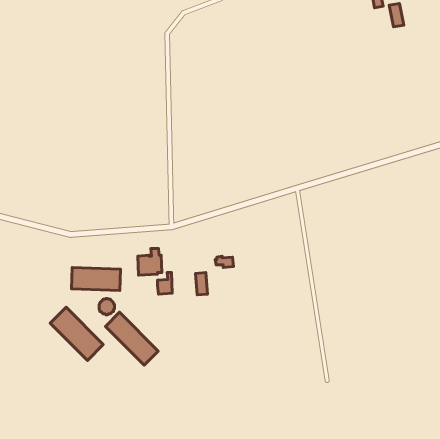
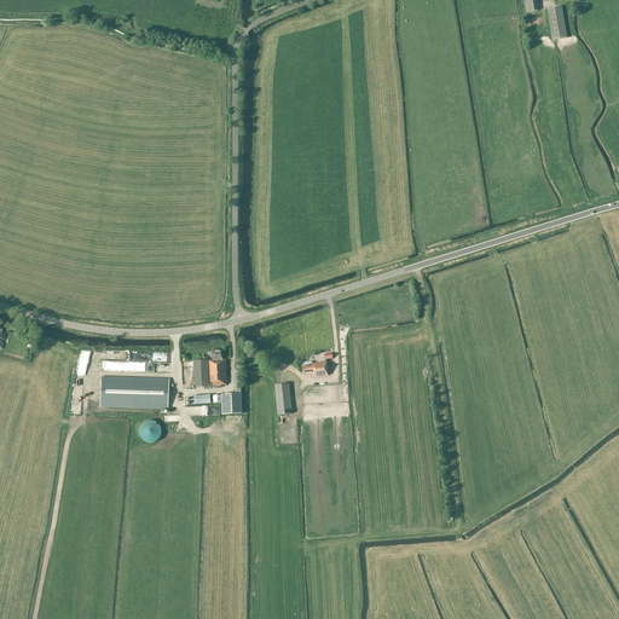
building: [50,307,103,360] -> none
building: [105,312,158,365] -> none

